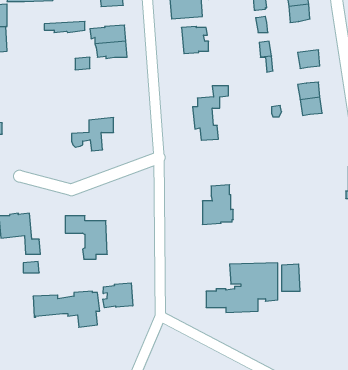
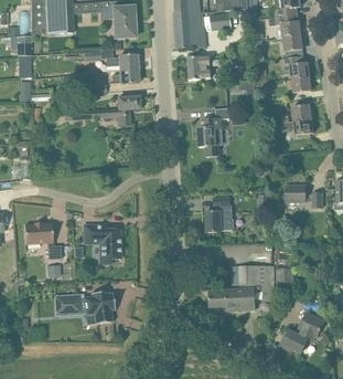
building: none -> [281,54,310,77]
building: [72,118,114,151] -> [103,94,140,124]
building: none -> [286,183,322,207]
building: [103,283,133,308] -> none
building: none -> [280,310,325,351]

